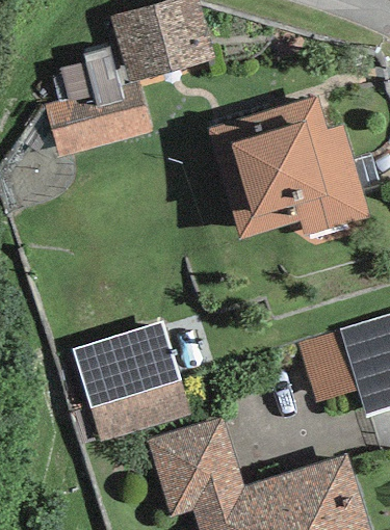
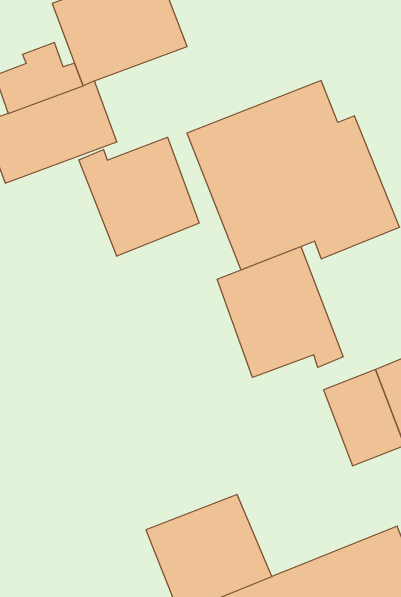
building: none -> [79,137,199,256]
building: none -> [217,247,343,377]
building: [73,322,191,442] -> none

